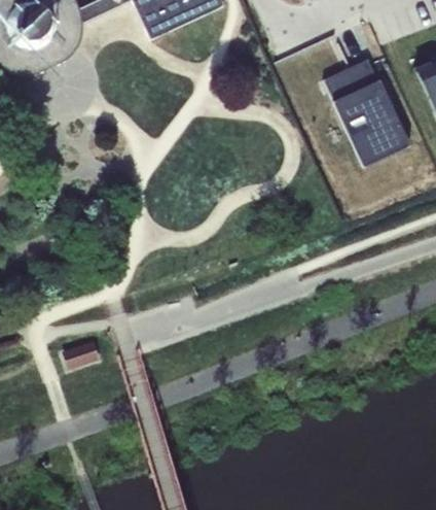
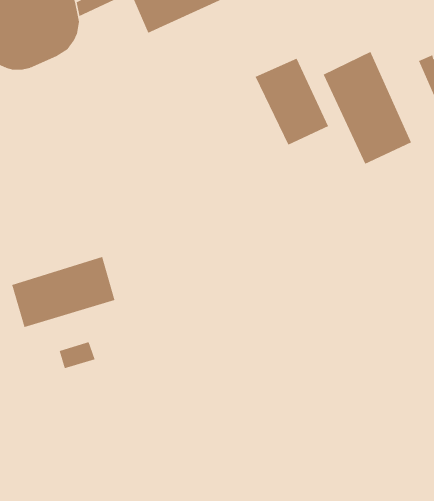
building: none -> [255,58,329,145]
building: none -> [11,256,115,328]

